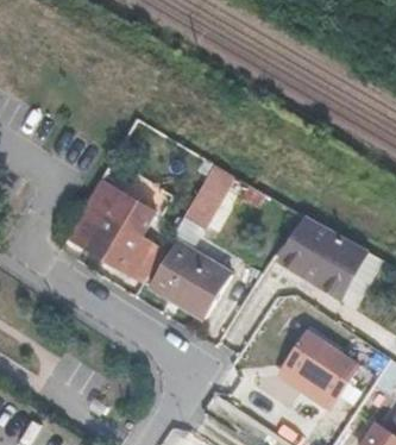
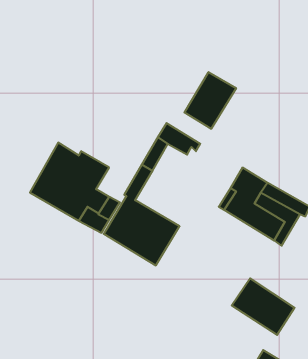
building: none -> [184,72,236,129]

